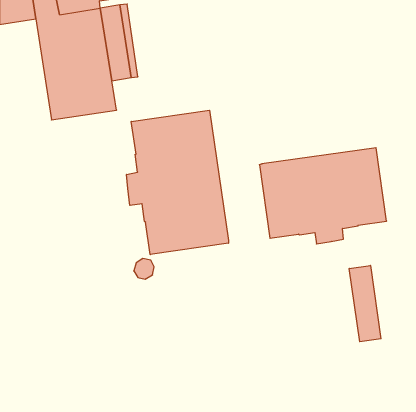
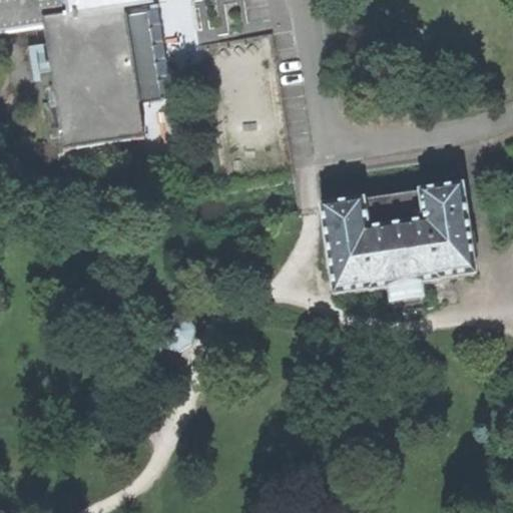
building: [127,110,229,255] -> none
building: [349,265,381,342] -> none

